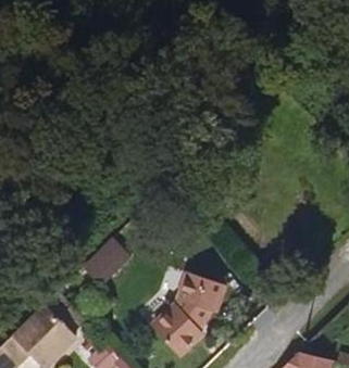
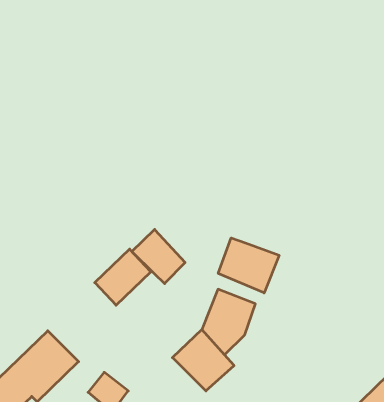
building: none -> [132,229,185,284]
building: none -> [218,238,279,293]

